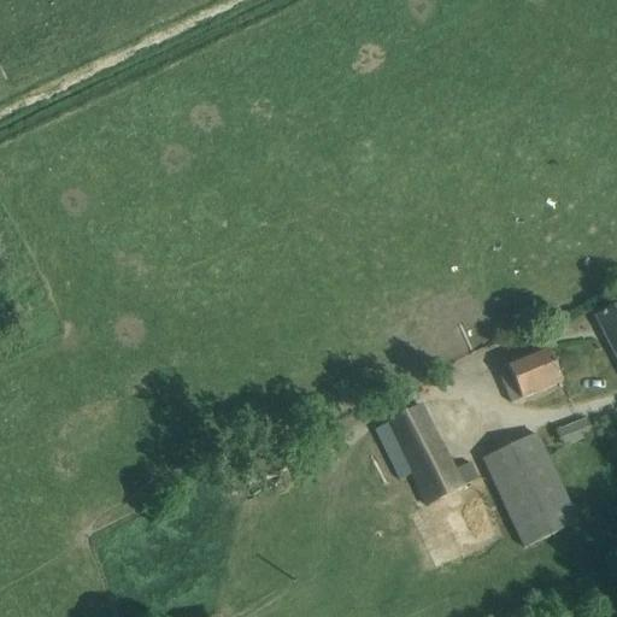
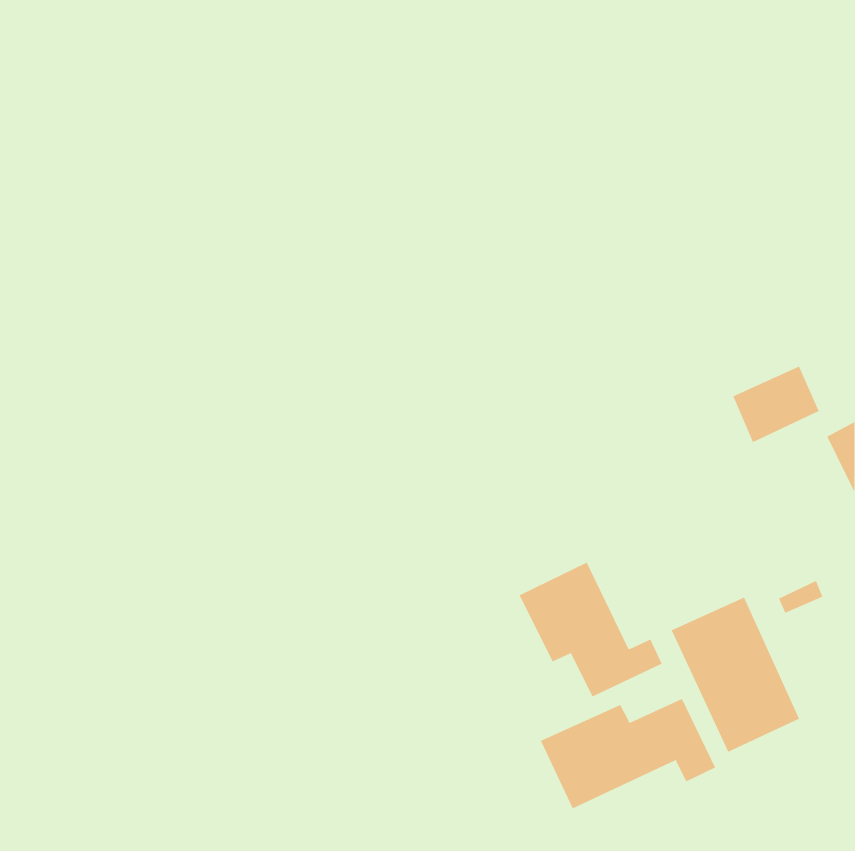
building: [496,345,559,400] -> [733,366,820,443]
building: none -> [540,698,716,809]

